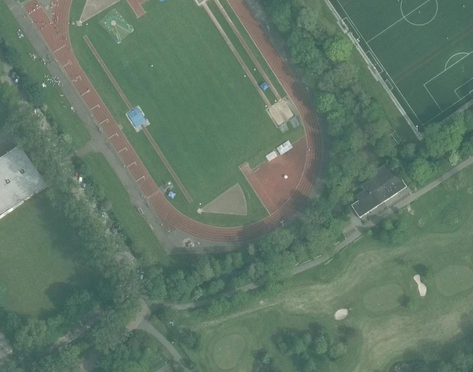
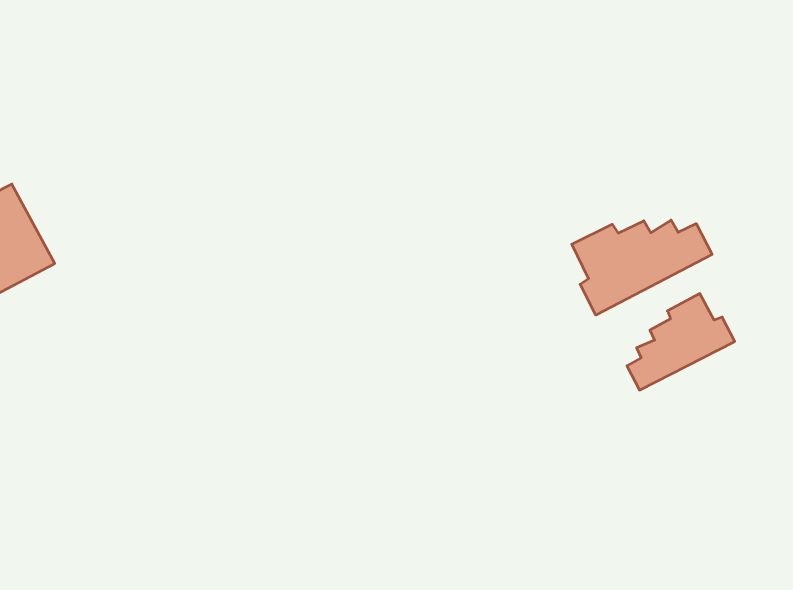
building: none -> [572,220,712,315]

